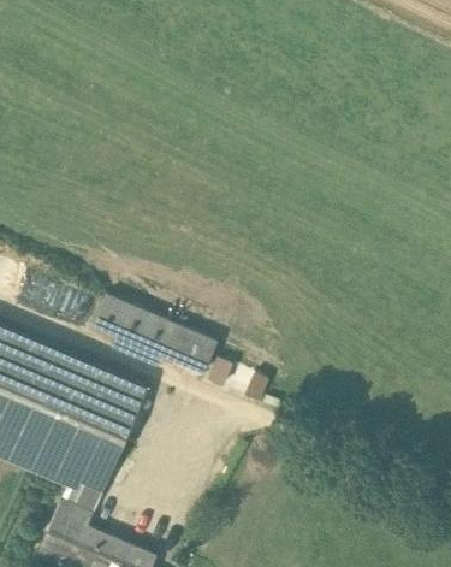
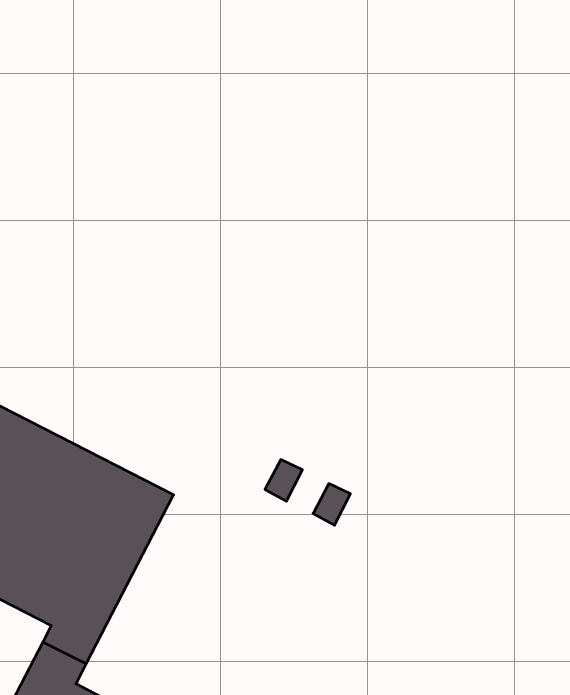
building: [94,294,218,373] -> none

